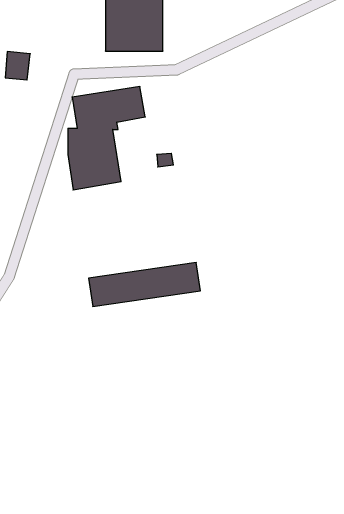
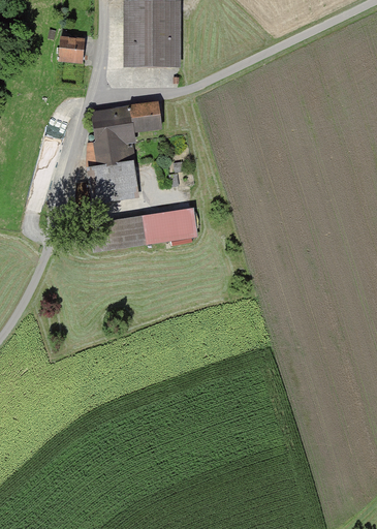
building: [5,52,30,80] -> [59,33,84,61]
building: [89,263,200,306] -> [87,208,197,251]

